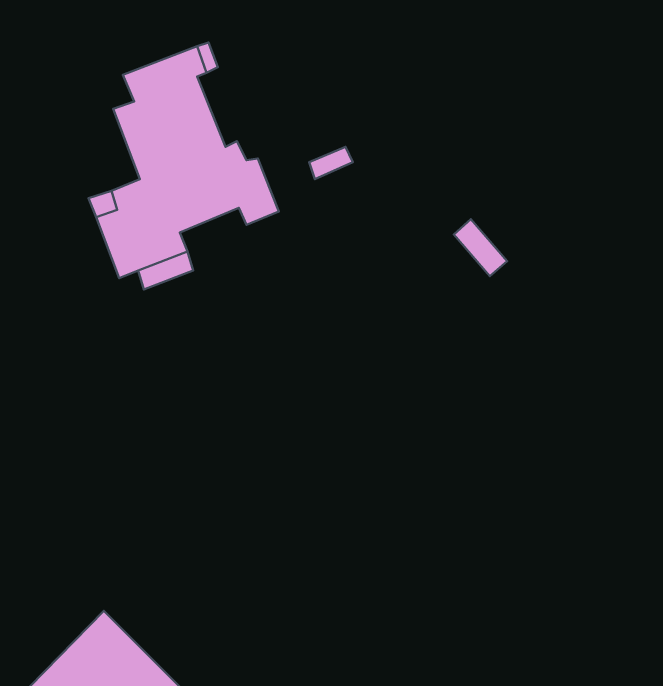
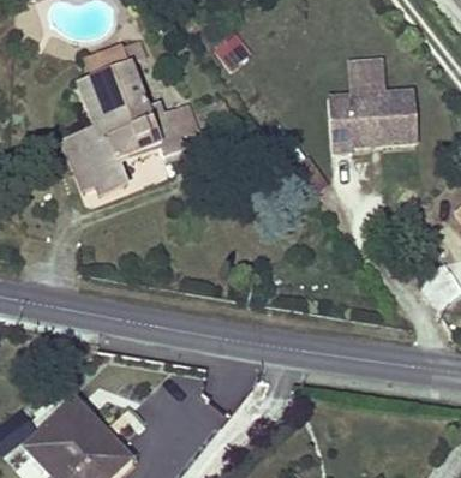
building: none -> [329,55,418,151]

